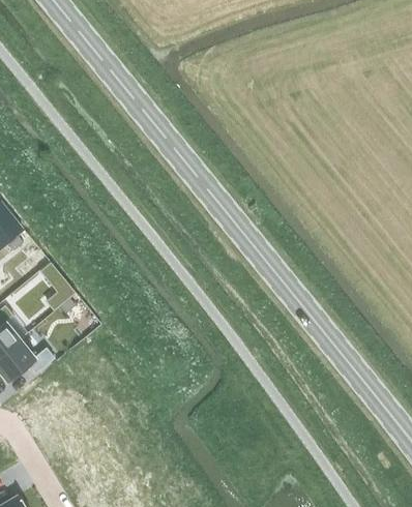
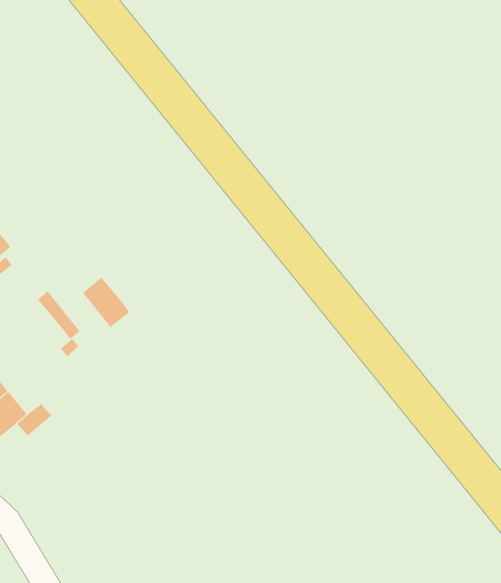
building: none -> [82,277,130,328]

